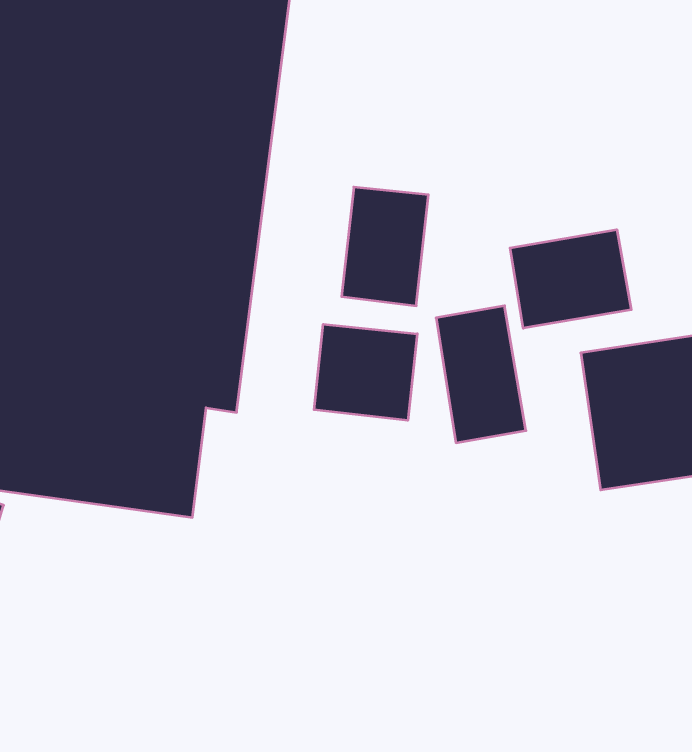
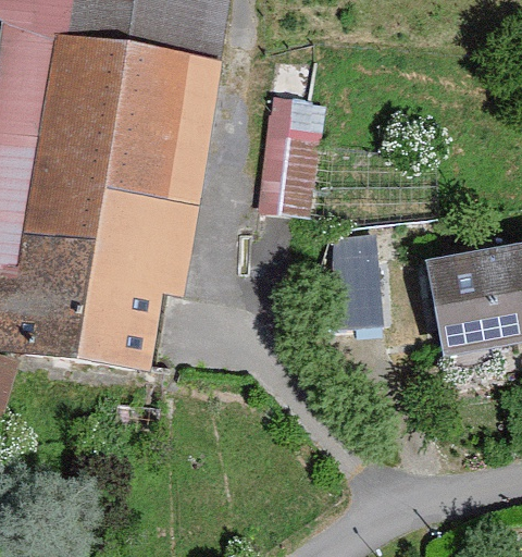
building: [510,230,631,328] -> none
building: [314,324,417,420] -> none

